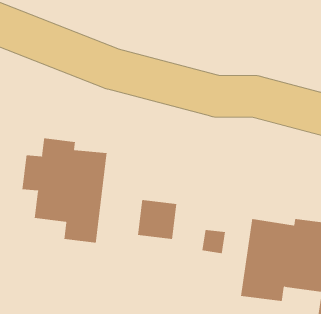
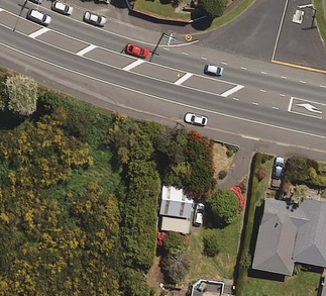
building: [22,138,107,244] -> none

